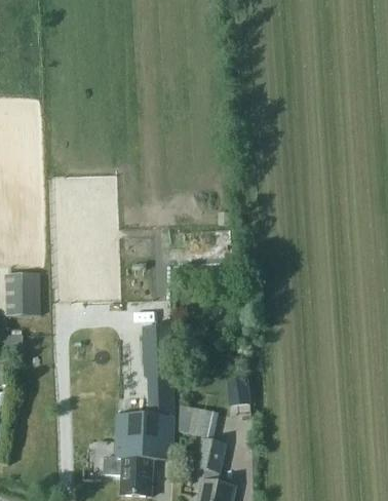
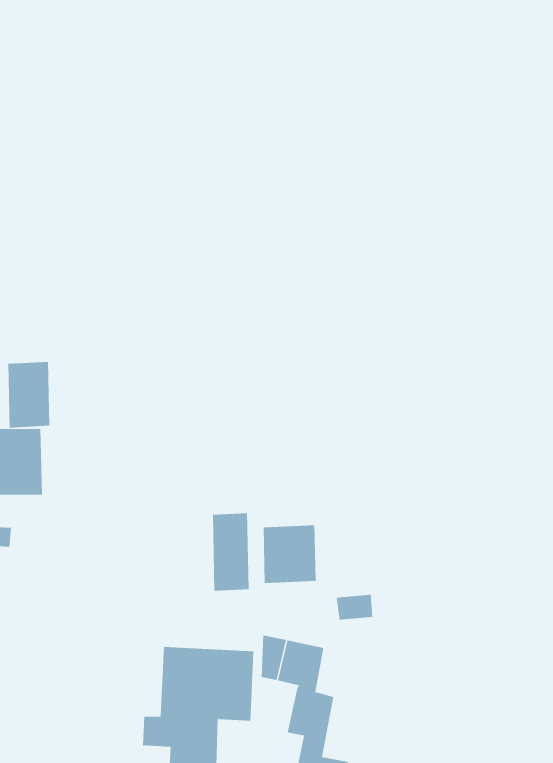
building: none -> [8,361,50,428]
building: none -> [263,525,316,584]

